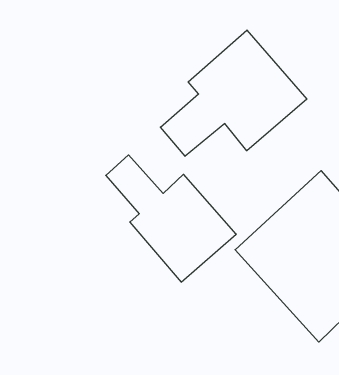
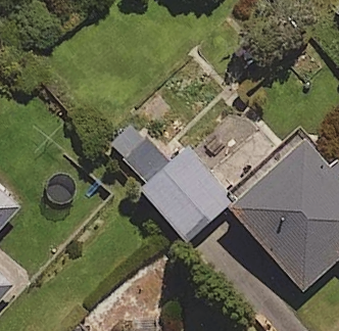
building: [160,30,307,156] -> none

